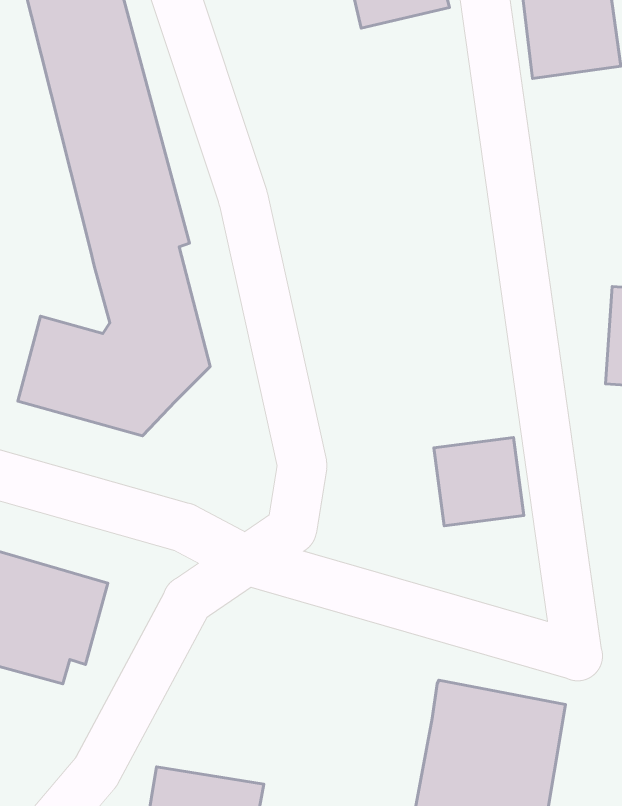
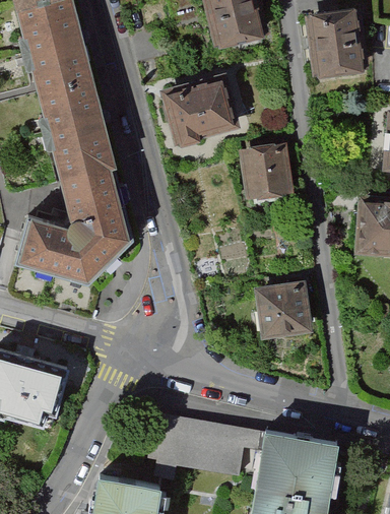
building: none -> [164,75,241,143]
building: none -> [245,145,292,201]
building: none -> [148,412,262,479]

